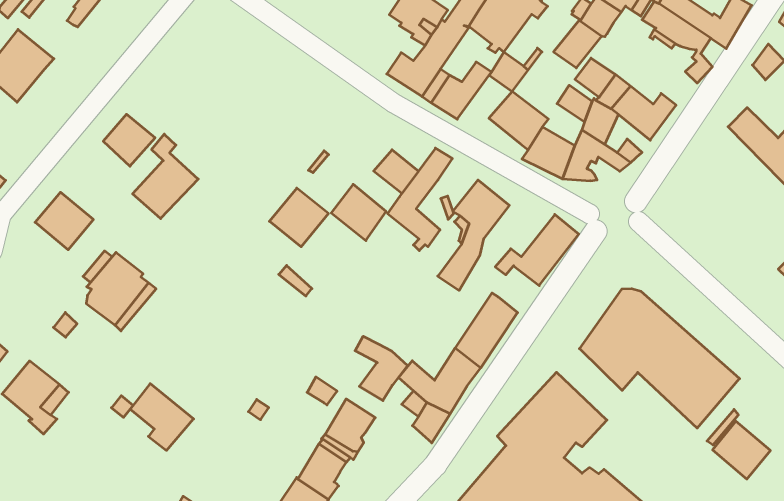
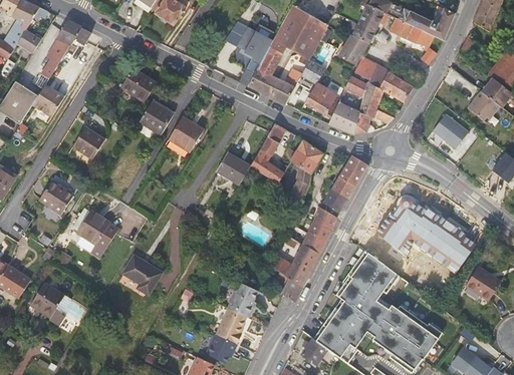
building: none -> [122,67,159,101]
building: none -> [32,85,63,116]
building: none -> [140,101,174,134]
building: [133,134,198,219] -> none
building: [374,150,418,194] -> none
building: none -> [433,114,468,147]
building: [269,188,328,247] -> [169,116,204,151]
building: none -> [324,189,348,217]
building: [355,336,408,401] -> none
building: [130,384,194,450] -> [122,256,162,295]

